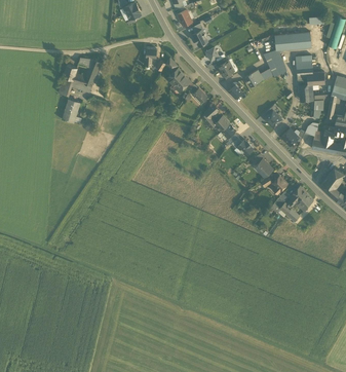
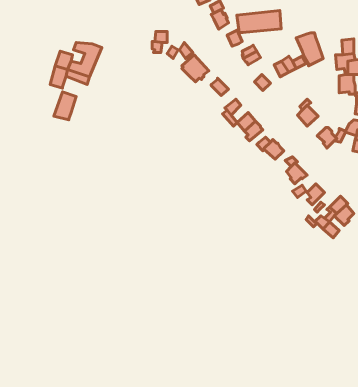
building: [274,31,311,49] -> [237,10,281,32]

